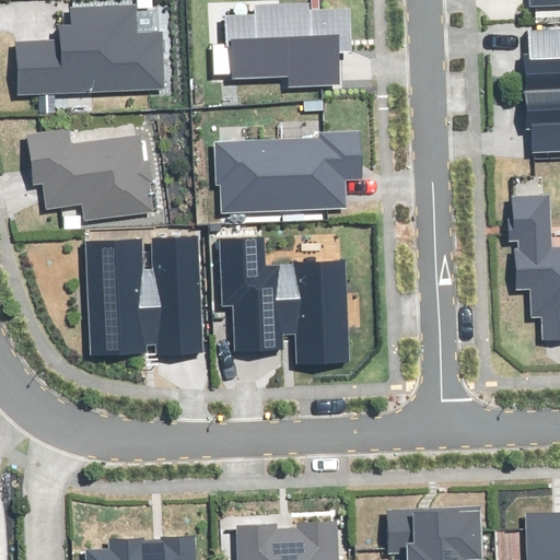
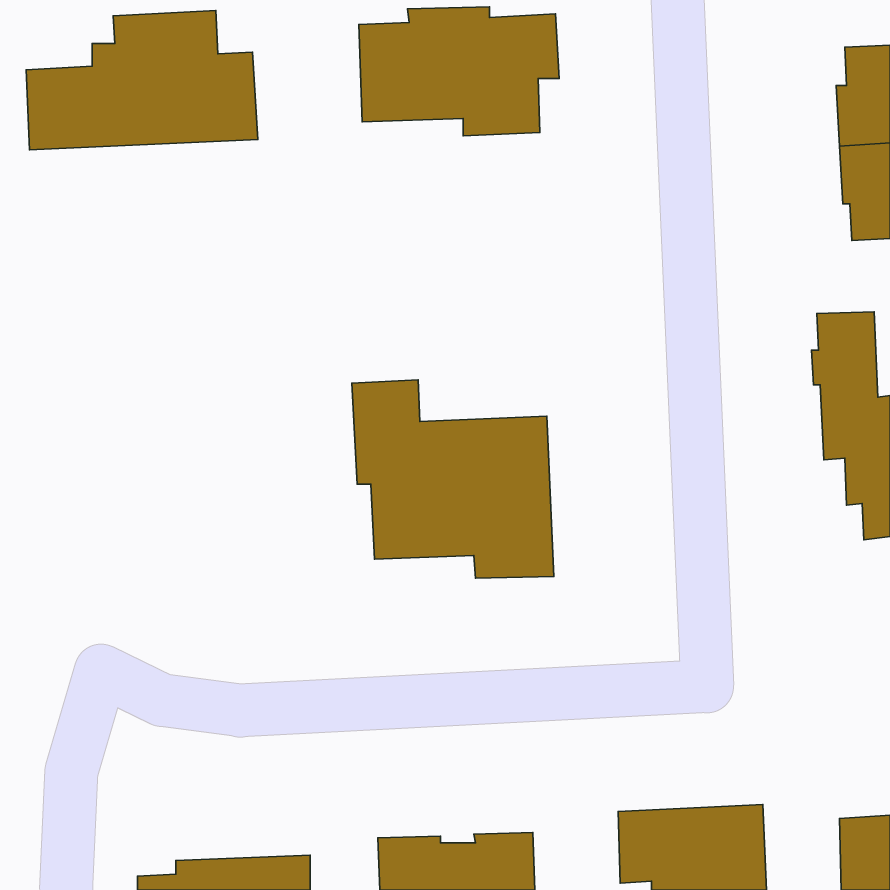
building: [28,131,152,219] -> none
building: [215,132,360,212] -> none
building: [85,236,202,358] -> none

